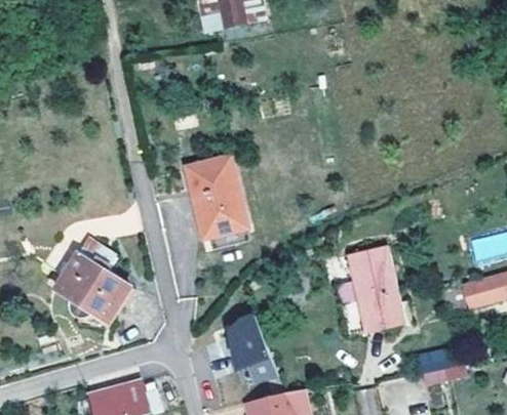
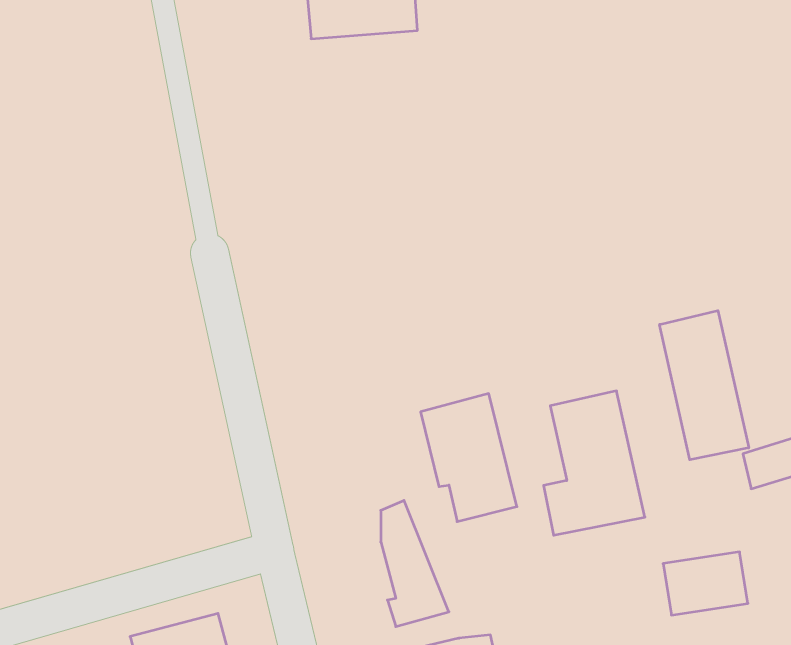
building: [185,156,244,235] -> [421,394,517,522]
building: none -> [660,311,749,460]
building: [56,248,130,321] -> none

